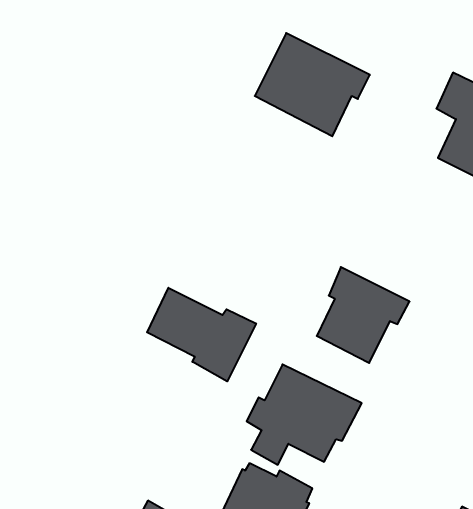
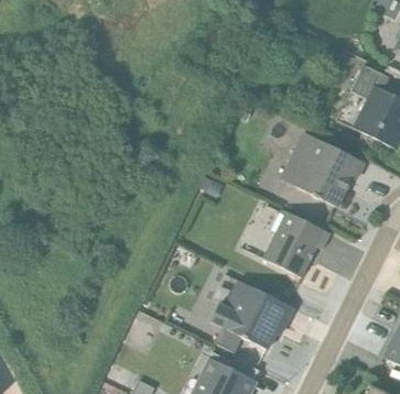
building: [255,33,370,136] -> [280,132,365,208]
building: [147,288,256,381] -> none

